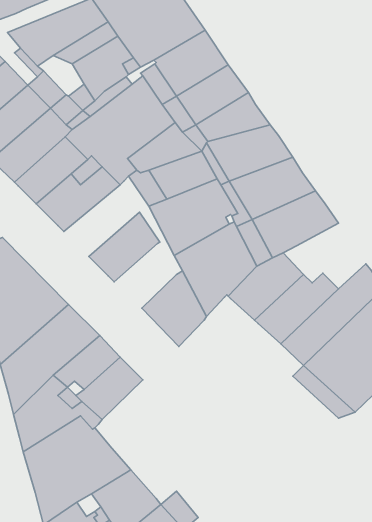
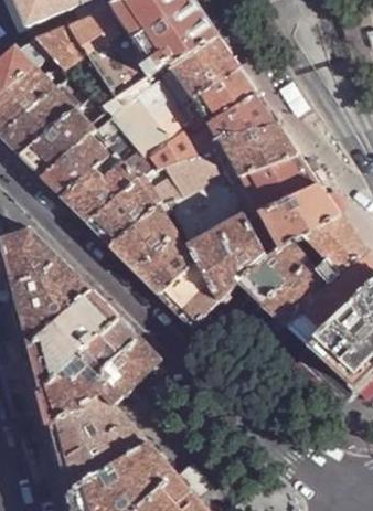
building: none -> [86,175,159,245]
building: none -> [300,214,364,275]
building: none -> [132,233,190,292]

